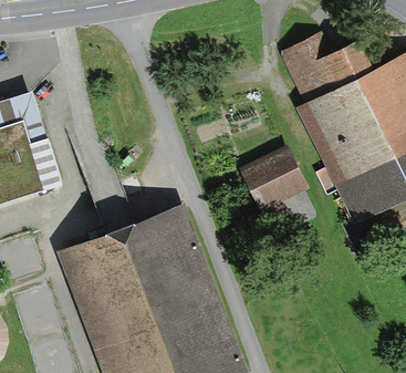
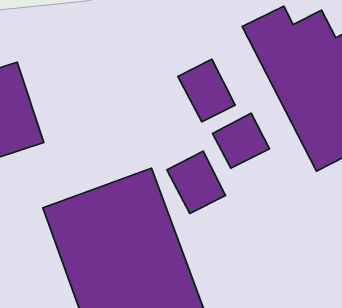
building: none -> [178,59,235,122]
building: none -> [167,151,226,214]

